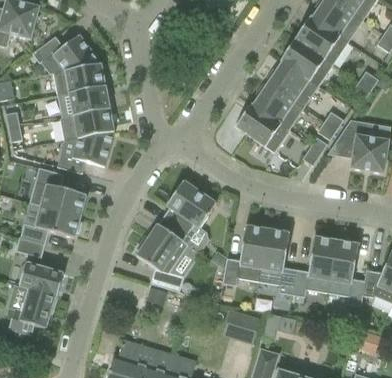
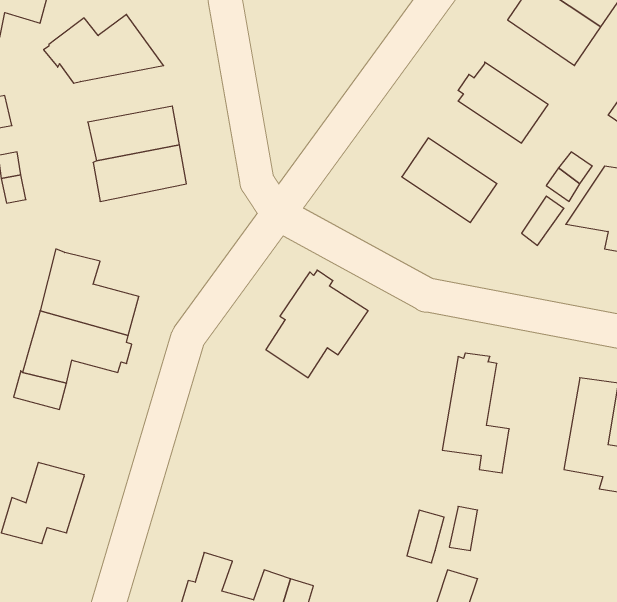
building: [280,37,333,85] -> none
building: [53,63,105,95] -> none
building: [250,83,303,130] -> none
building: [57,130,114,173] -> none
building: [136,223,187,291] -> none
building: [223,225,267,285] -> none
building: [292,234,336,296] -> none
building: [19,262,64,296] -> none

